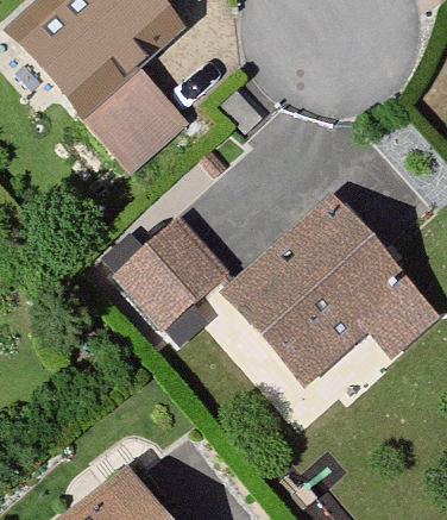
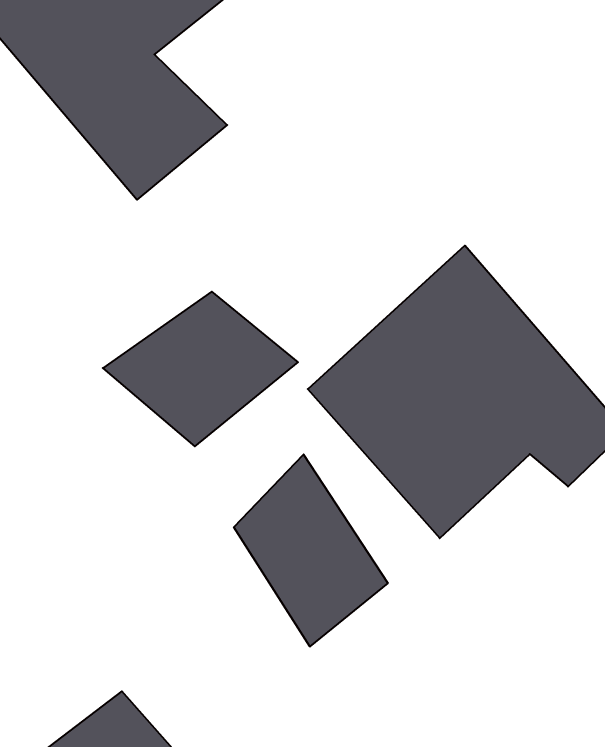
building: none -> [234,454,388,647]

